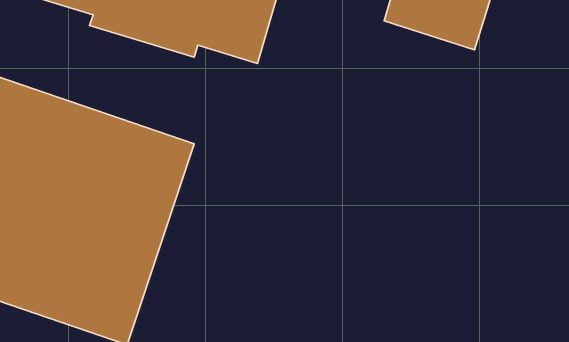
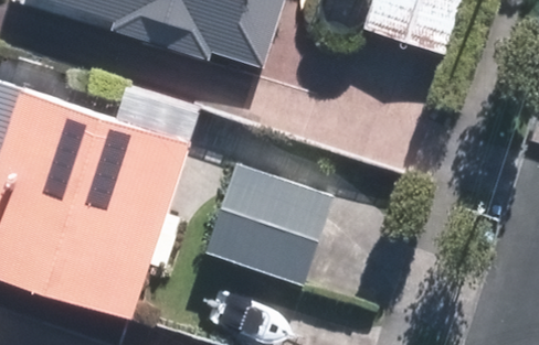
building: none -> [205,168,334,290]

